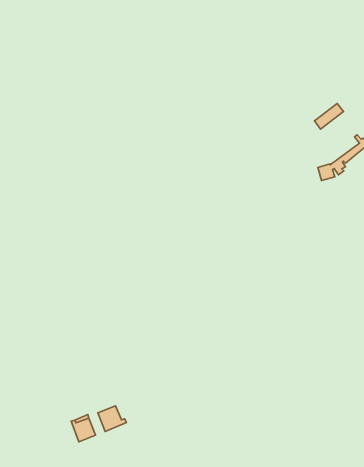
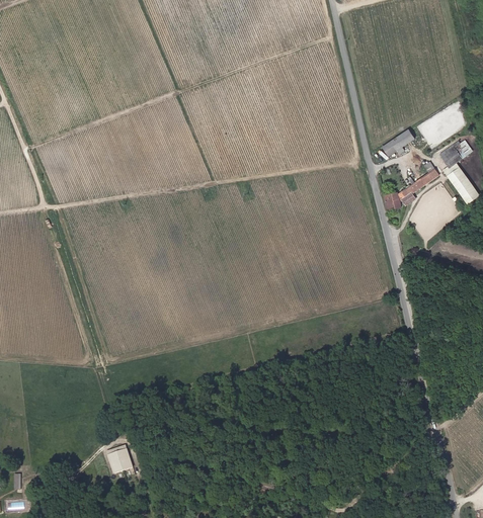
building: [98,406,126,431] -> none

